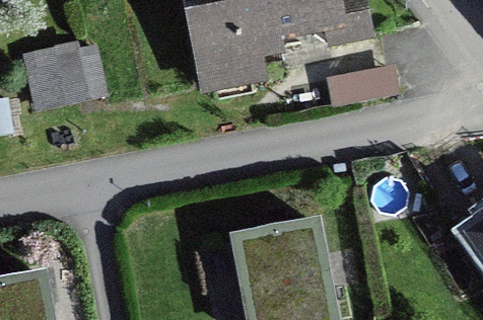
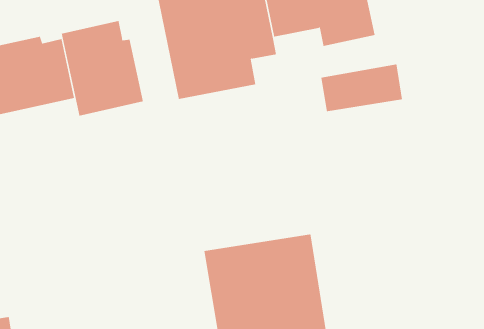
building: none -> [61,20,144,117]

